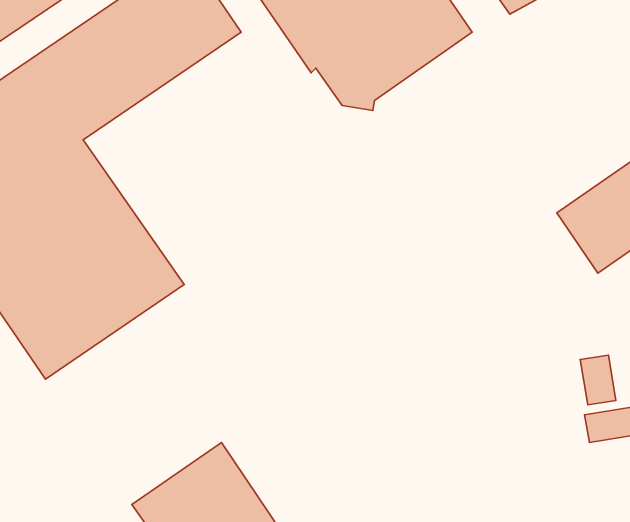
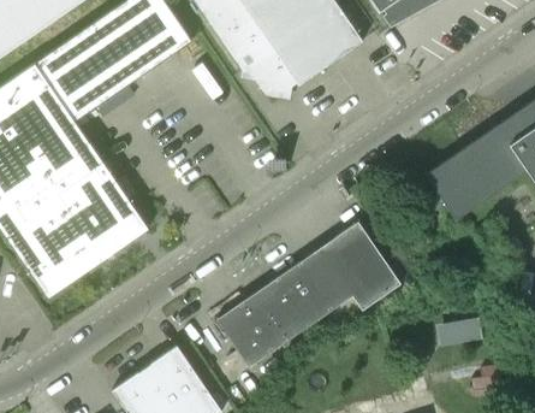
building: none -> [215,220,397,366]
building: [580,355,616,405] -> none

